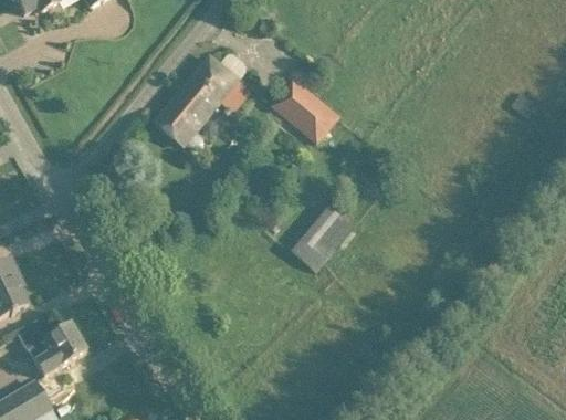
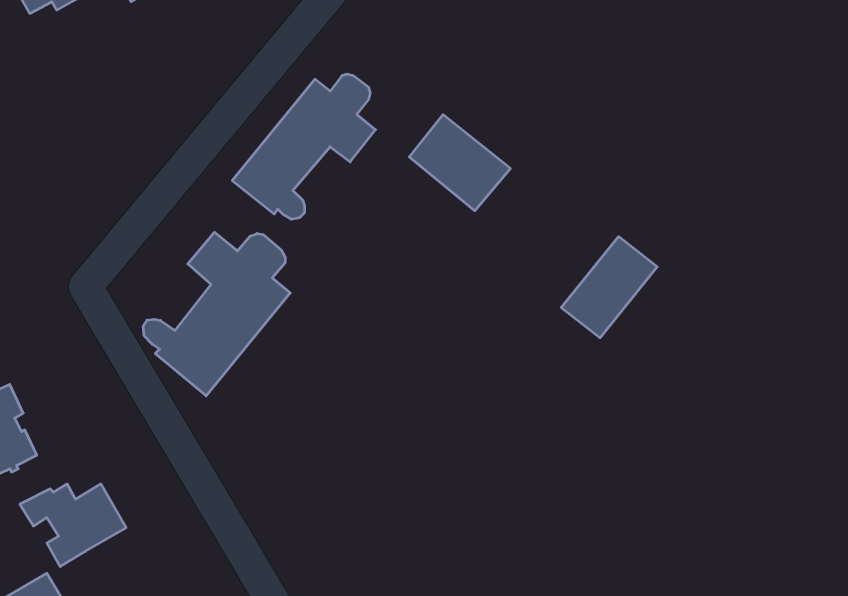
building: none -> [143,232,290,396]
building: [292,204,355,271] -> [561,237,657,338]

